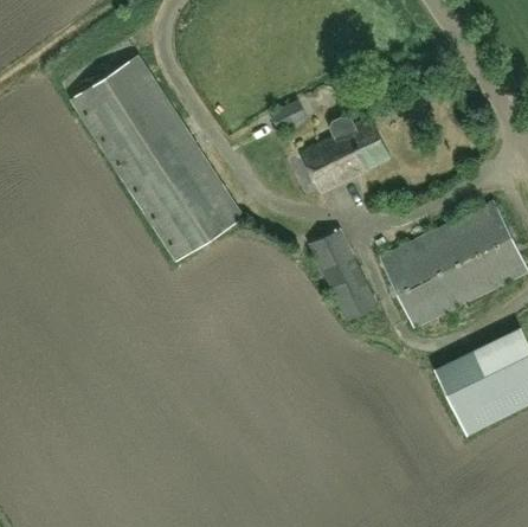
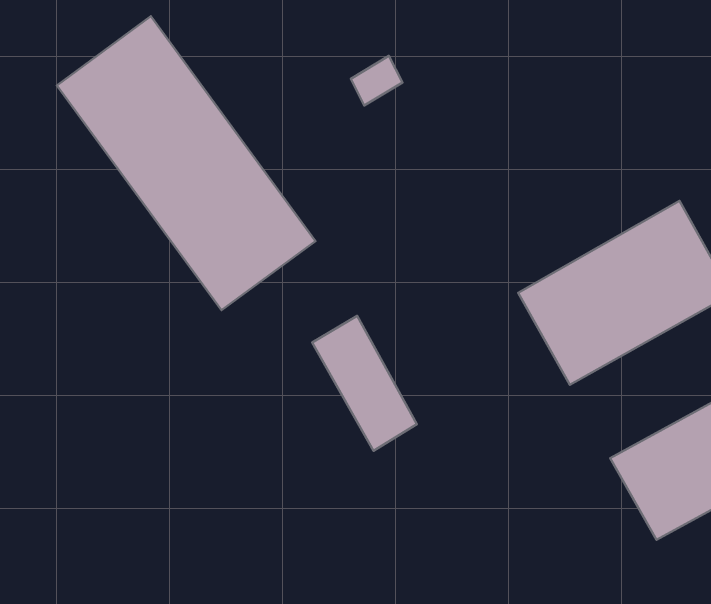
building: [301,115,389,191] -> none
building: [308,229,376,322] -> [312,316,417,451]

